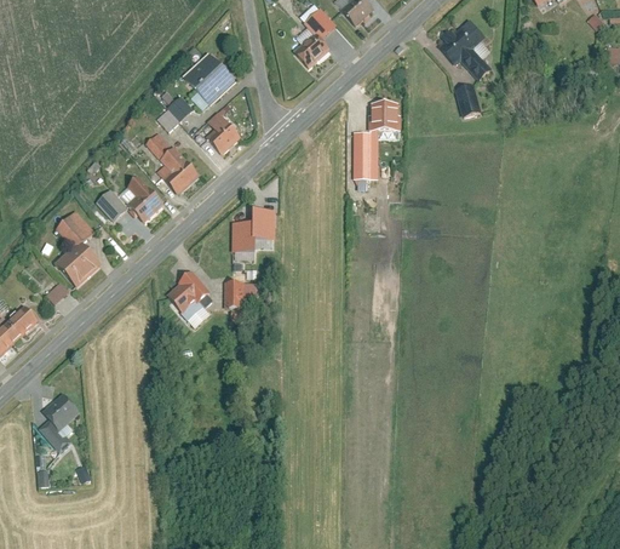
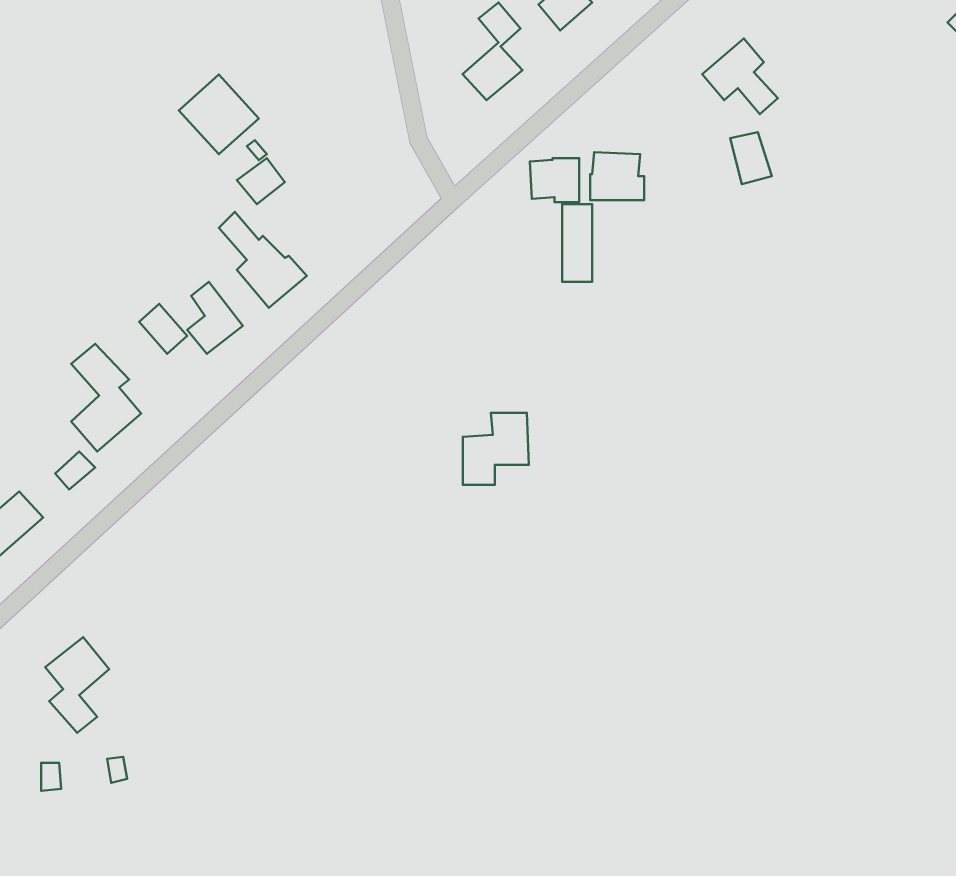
building: [185,52,234,101] -> [179,74,259,154]
building: none -> [530,158,579,202]
building: [207,121,240,154] -> none
building: [235,208,275,252] -> [463,413,529,485]
building: [167,269,212,313] -> none
building: [223,280,243,308] -> none

